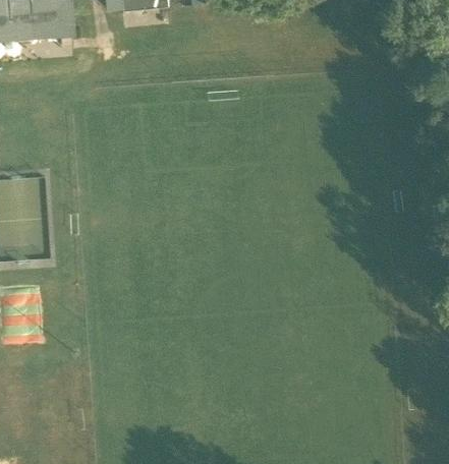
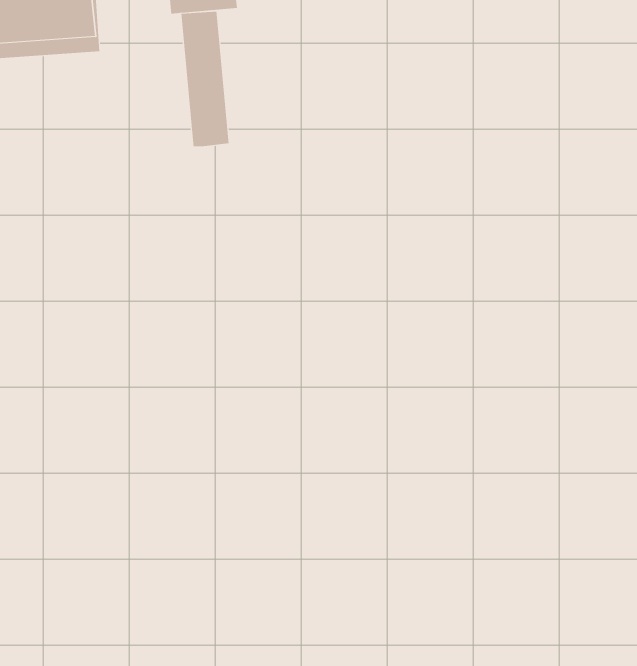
building: none -> [181,11,229,147]

